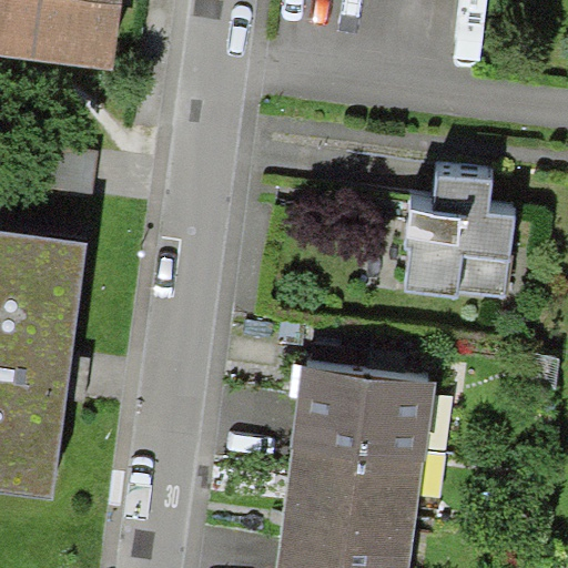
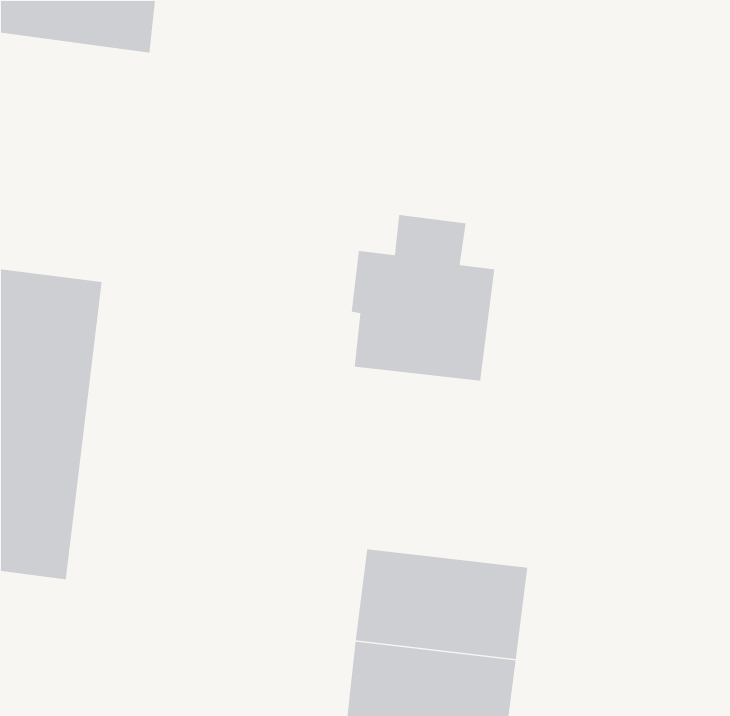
building: [408,174,519,303] -> [351,214,495,382]
building: [287,367,419,453] -> none

